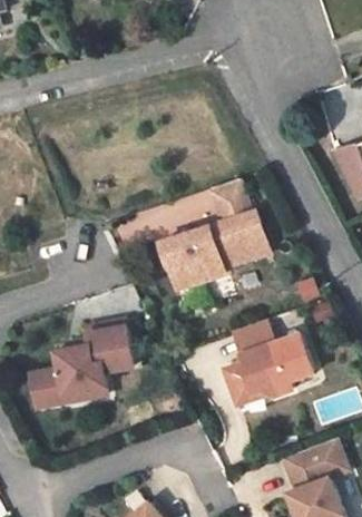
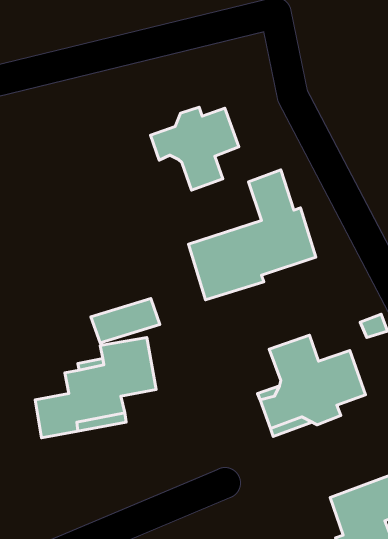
building: none -> [150,107,239,190]

